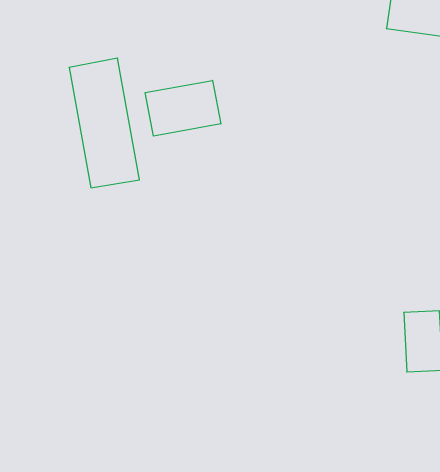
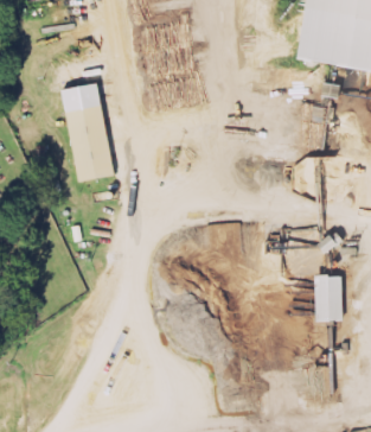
building: [145,80,221,136] -> none

